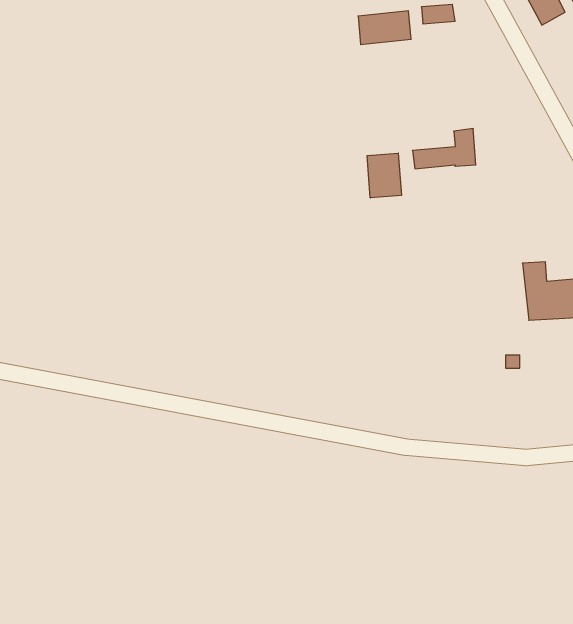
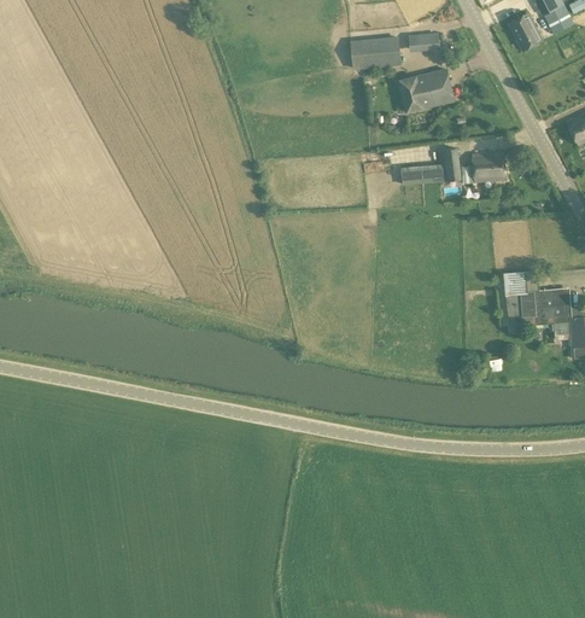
building: none -> [399,70,455,111]
building: none -> [461,151,505,183]
building: [367,153,401,198] -> none

